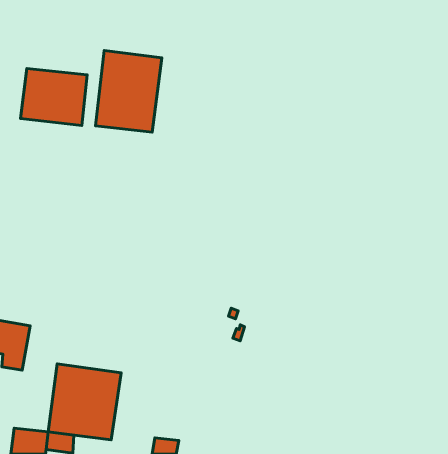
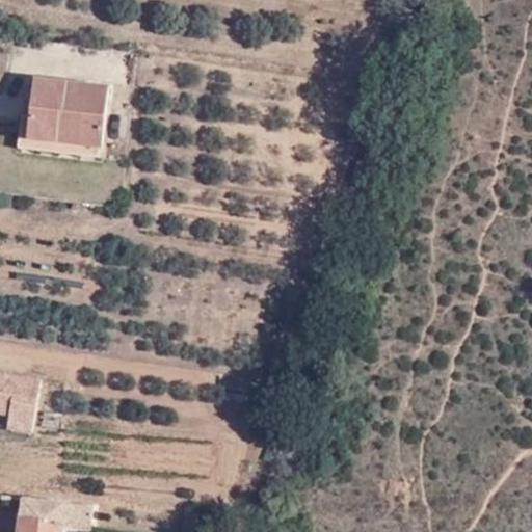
building: [95,51,162,132] -> none
building: [48,364,121,440] -> none

